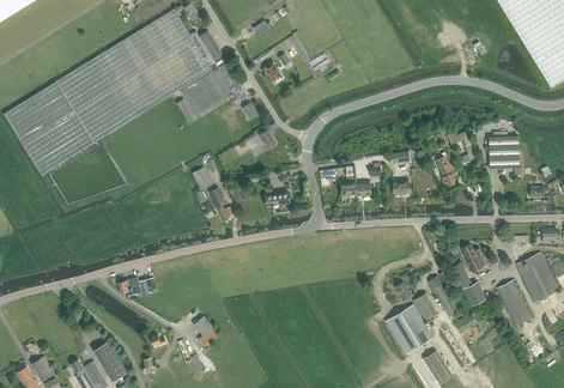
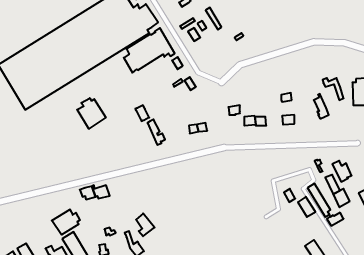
building: none -> [77,98,106,129]
building: [386,304,435,354] -> none
building: none -> [52,209,80,235]

